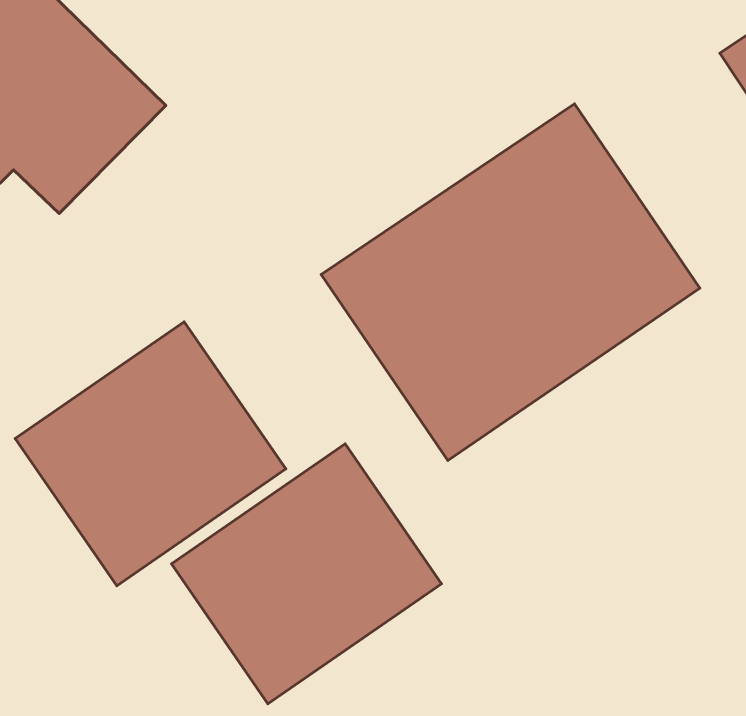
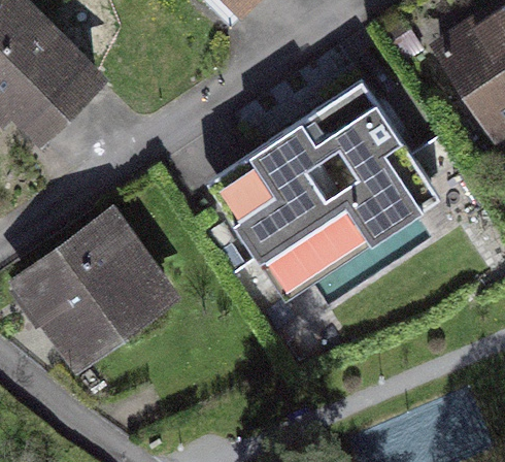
building: [171,444,442,704] -> none

